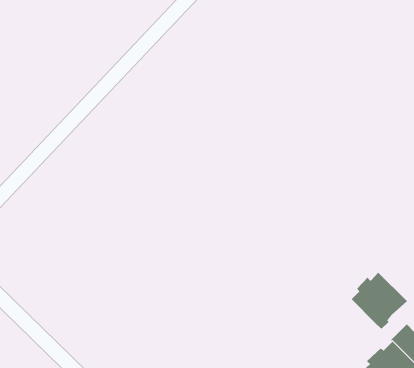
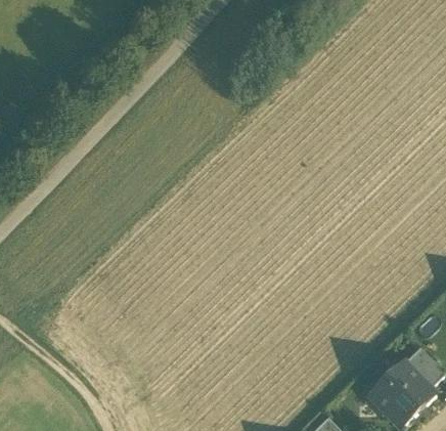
building: [351,272,408,330] -> none

